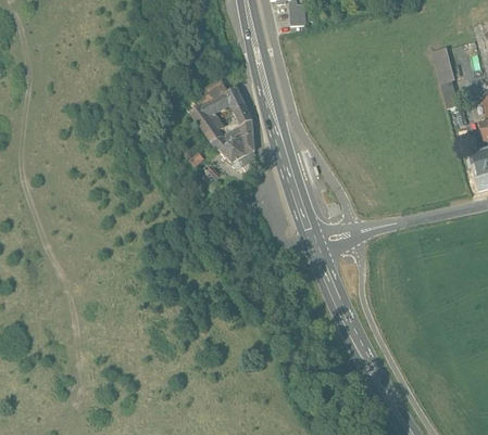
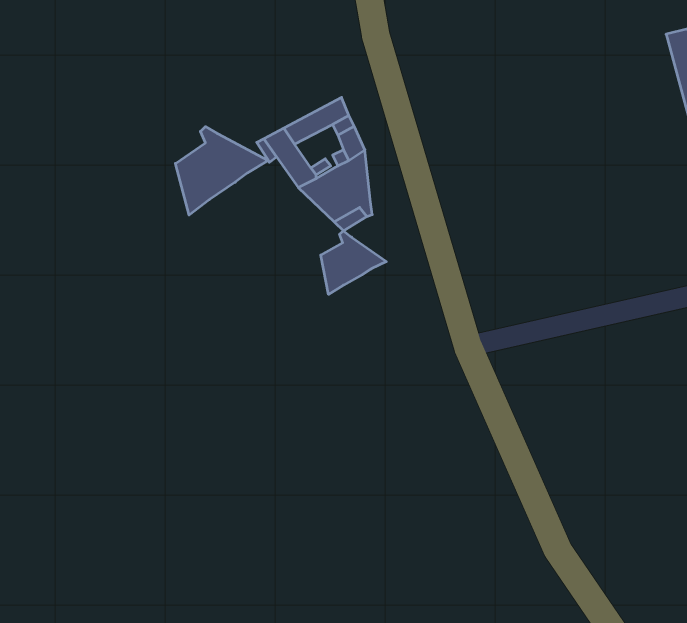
building: none -> [175,127,268,215]
building: none -> [321,231,386,294]

